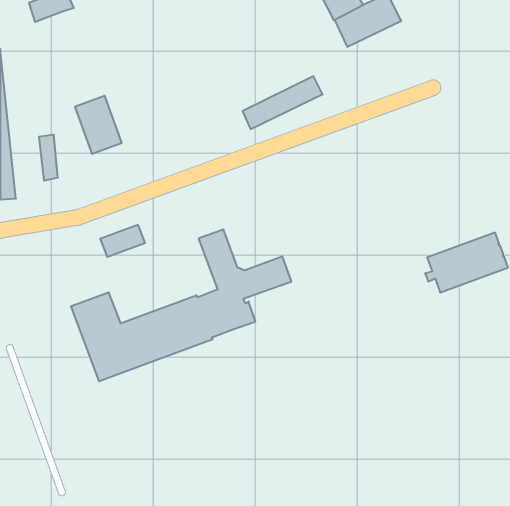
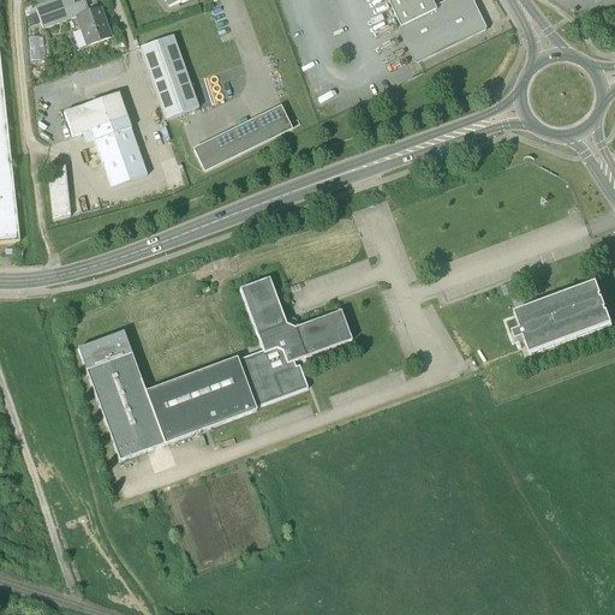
building: none -> [77,6,111,42]
building: none -> [142,31,199,115]
building: none -> [64,91,127,135]
building: [243,76,323,129] -> [195,105,291,168]
building: [100,225,145,257] -> [77,330,131,369]

